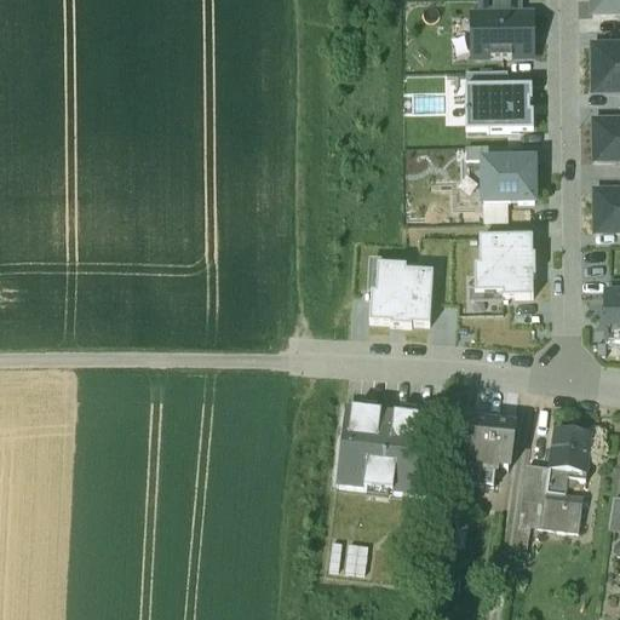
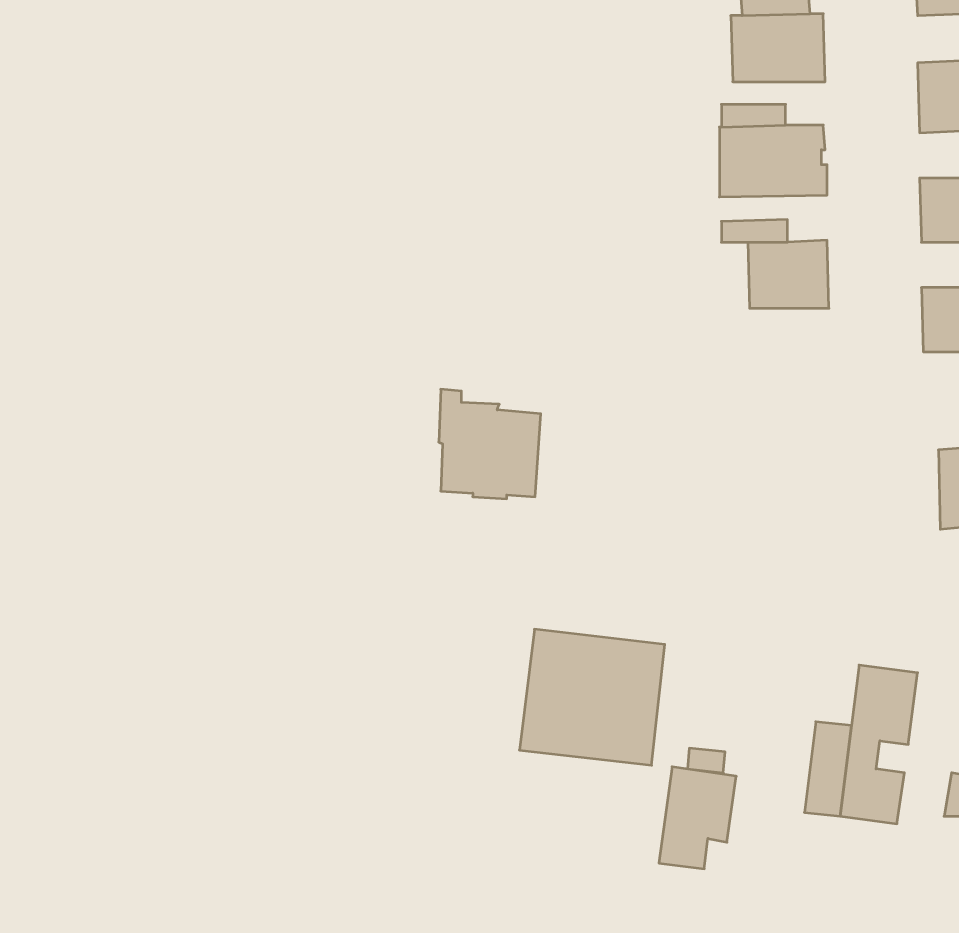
building: [469,232,535,298] -> none
building: [368,253,434,323] -> [439,389,541,499]
building: [464,418,513,483] -> [659,767,736,869]

